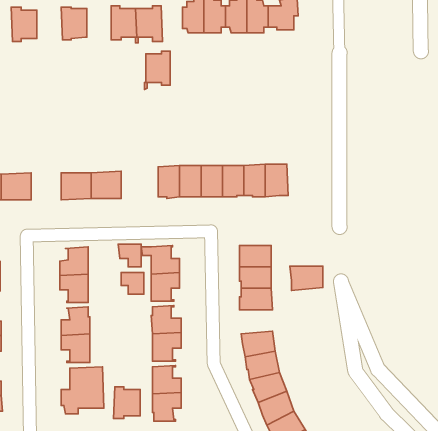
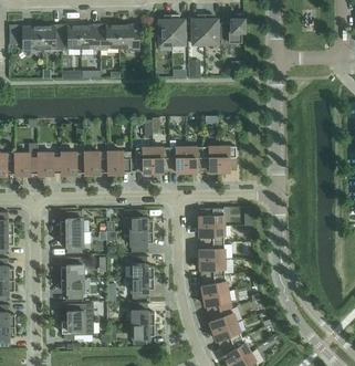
building: none -> [41,24,62,53]
building: [144,51,170,90] -> [80,23,100,53]
building: none -> [107,151,130,172]
building: none -> [38,153,61,174]
building: [290,266,323,290] -> [199,259,225,278]
building: [113,387,140,418] -> none

